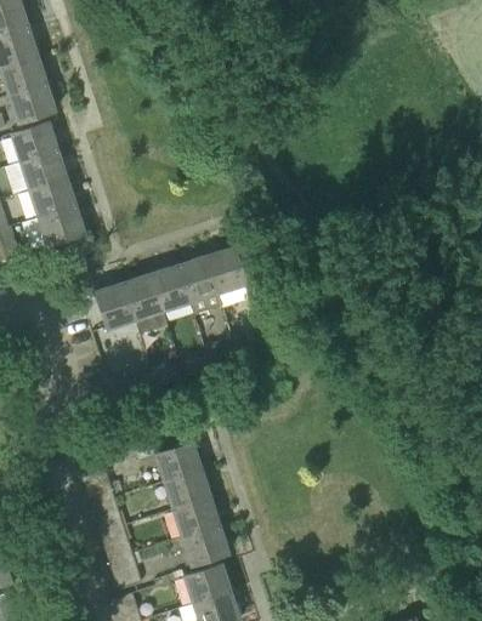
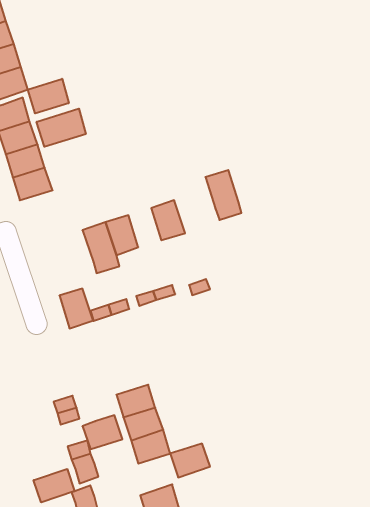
building: none -> [28,79,69,113]
building: none -> [37,109,86,147]
building: [178,256,222,317] -> [205,170,241,220]
building: [95,283,136,331] -> [59,289,93,328]
building: [154,441,203,483] -> [82,415,122,449]
building: [183,564,232,605] -> [170,444,210,477]
building: none -> [34,469,75,502]

